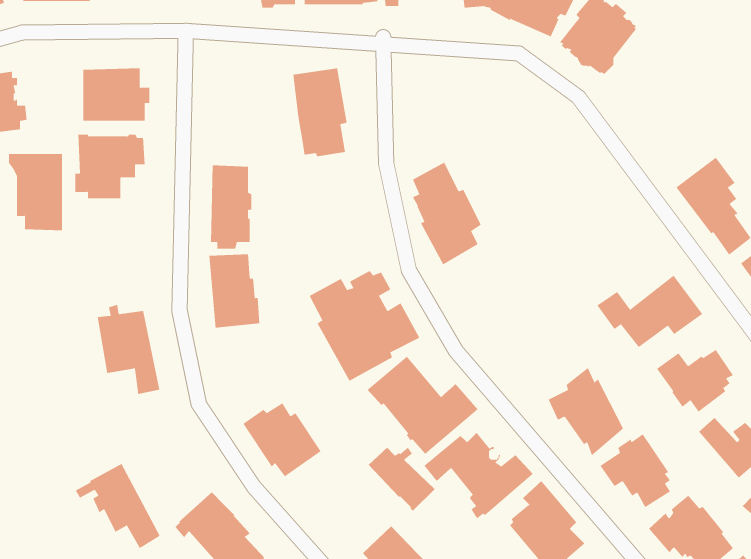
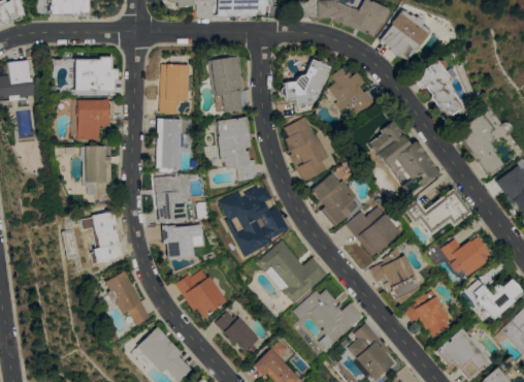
building: none -> [161,56,190,115]
building: none -> [281,59,330,116]
building: none -> [415,60,466,122]
building: none -> [328,68,375,119]
building: [8,153,63,231] -> [77,147,112,196]
building: none -> [218,118,259,181]
building: none -> [370,121,439,196]
building: none -> [312,173,359,227]
building: none -> [347,206,403,256]
building: none -> [163,225,202,258]
building: [368,447,436,512] -> [217,312,260,353]
building: [75,463,160,549] -> [96,270,151,325]

